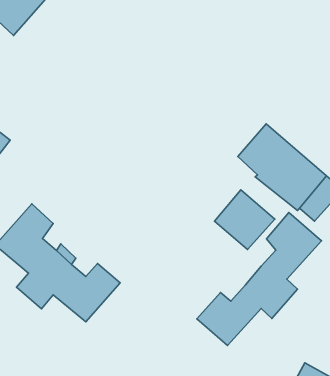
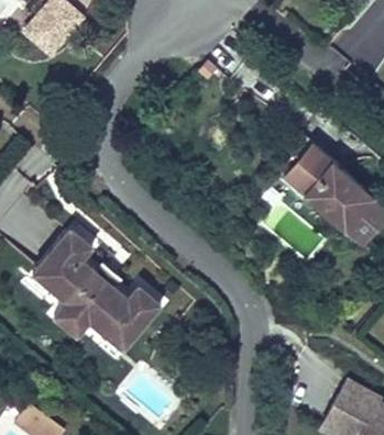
building: [215,190,275,250] -> none
building: [197,213,322,346] -> none

